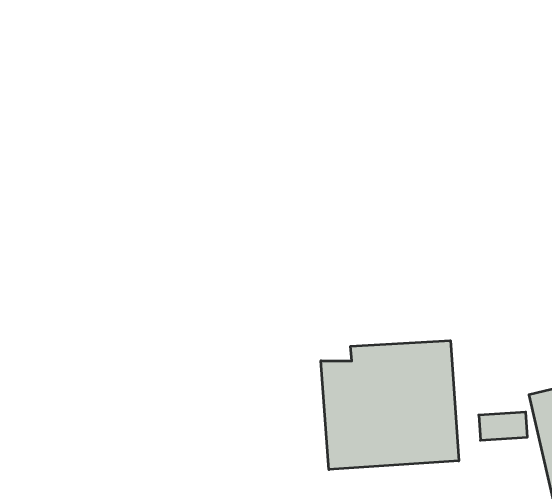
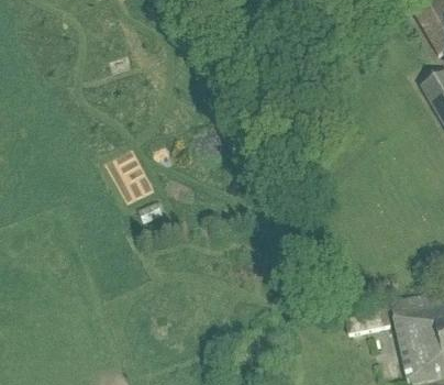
building: [321,341,459,470] -> none

